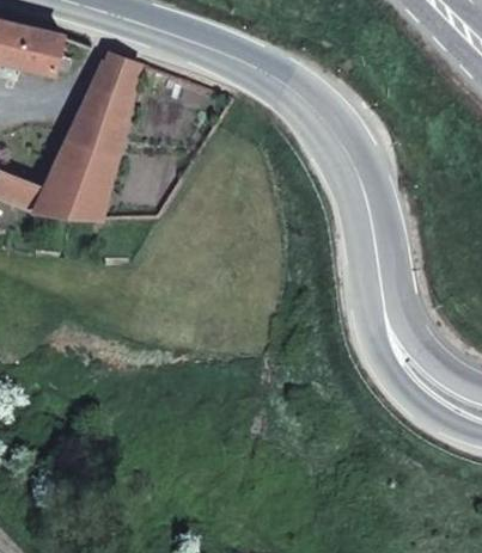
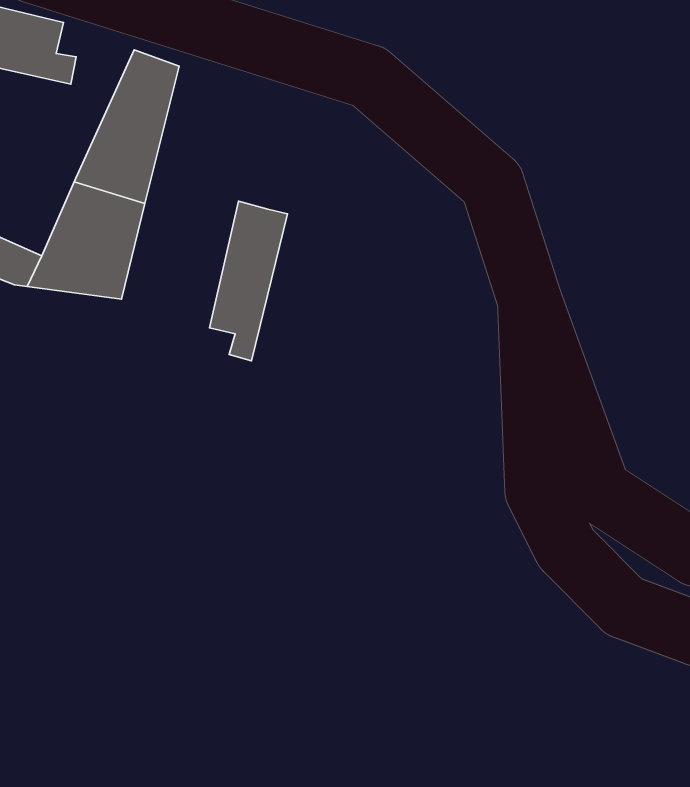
building: none -> [210,201,288,361]

